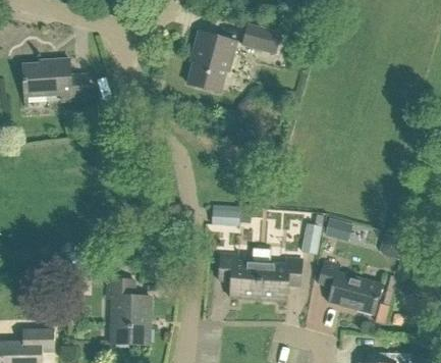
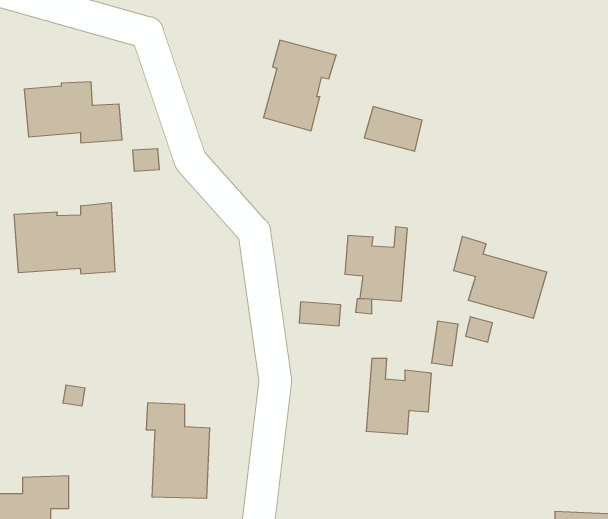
building: [242,23,282,54] -> [364,107,422,151]
building: none -> [14,203,115,274]
building: [219,248,262,299] -> [345,227,407,301]
building: [318,259,382,315] -> [453,236,547,318]

